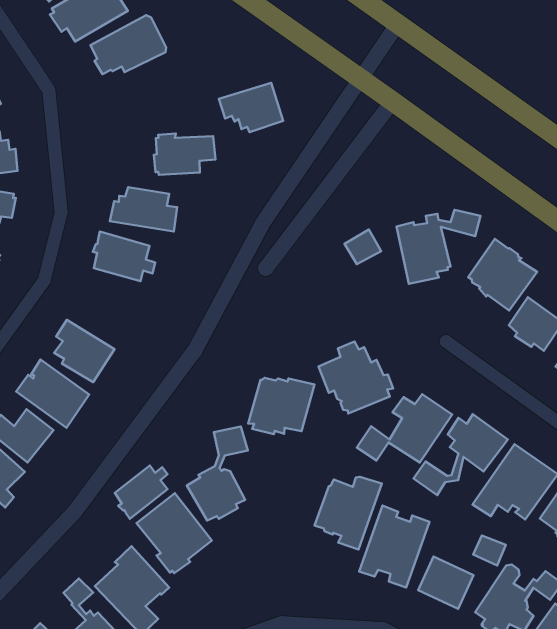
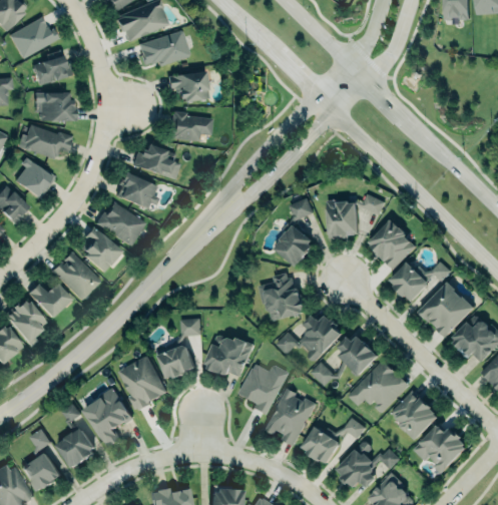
building: [219,83,283,132] -> [167,70,208,101]
building: none -> [274,224,315,267]
building: none -> [95,201,145,245]
building: [248,378,315,434] -> [203,335,253,375]
building: [115,466,167,519] -> none

